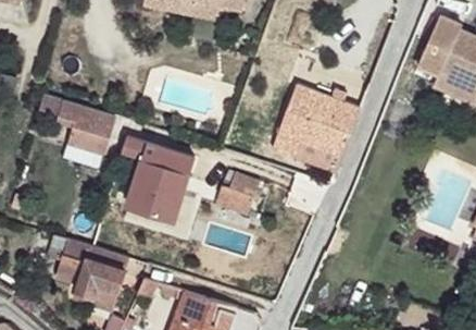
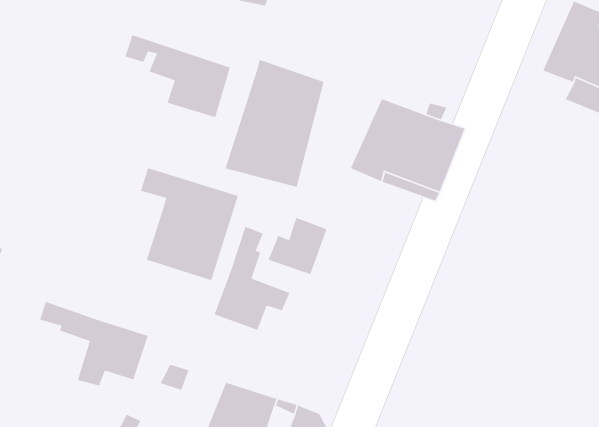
building: none -> [225,59,324,188]
building: [38,93,115,154] -> [124,34,231,118]
building: none -> [213,226,291,331]

